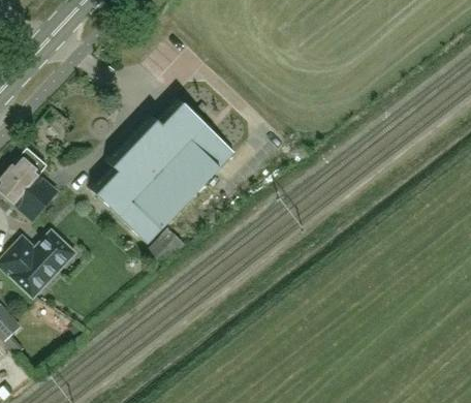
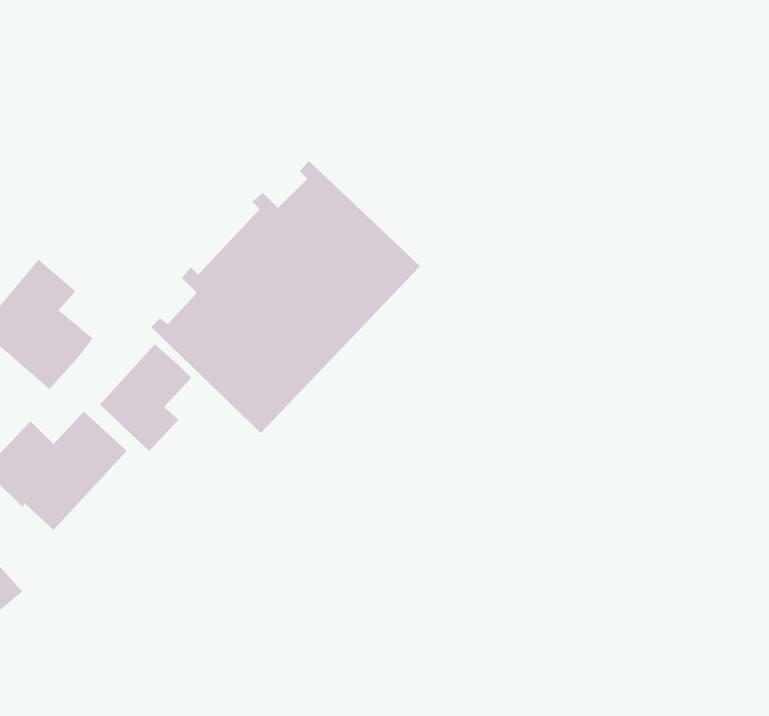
building: none -> [99,343,192,452]

